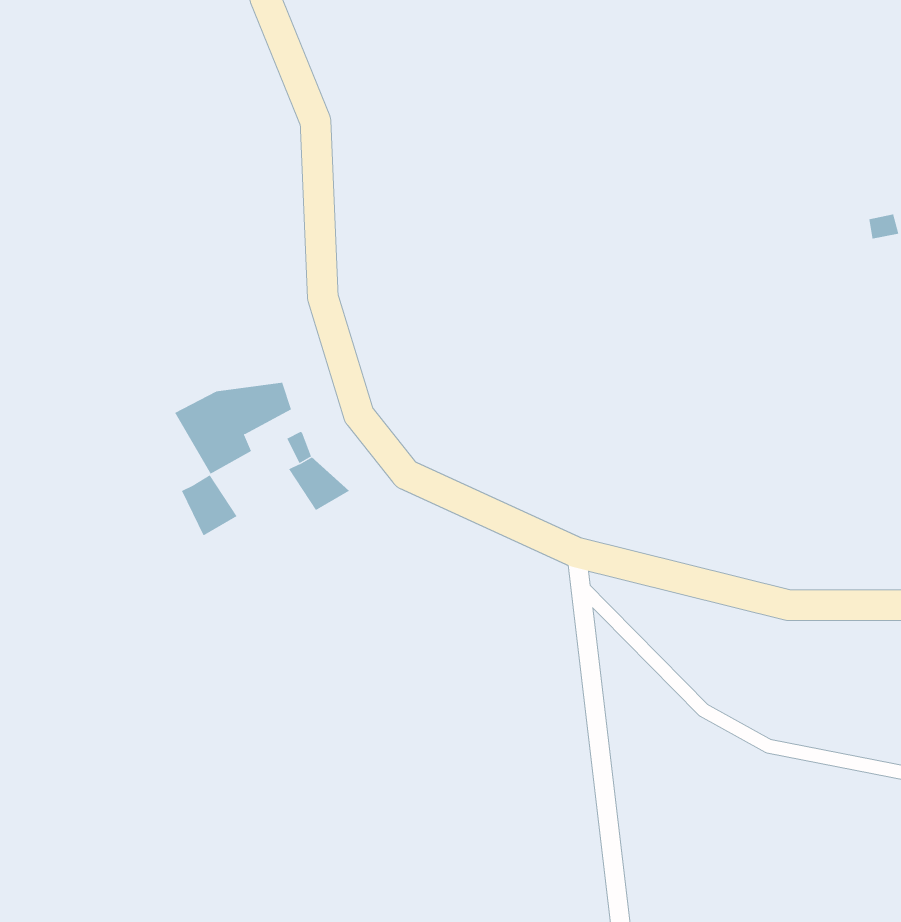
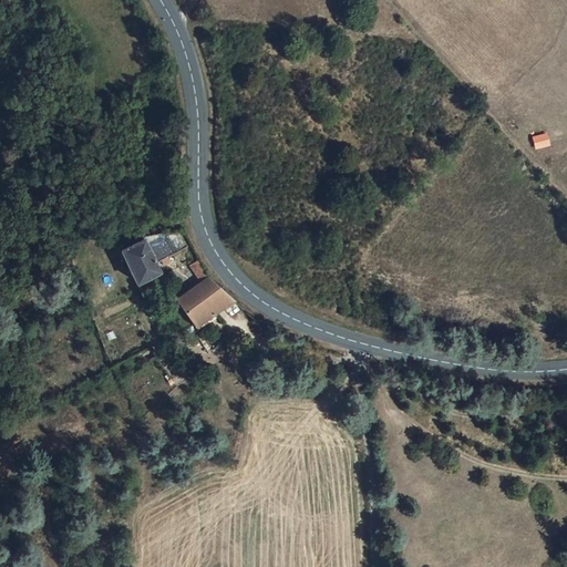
building: [181,475,237,536] -> [174,287,208,324]

